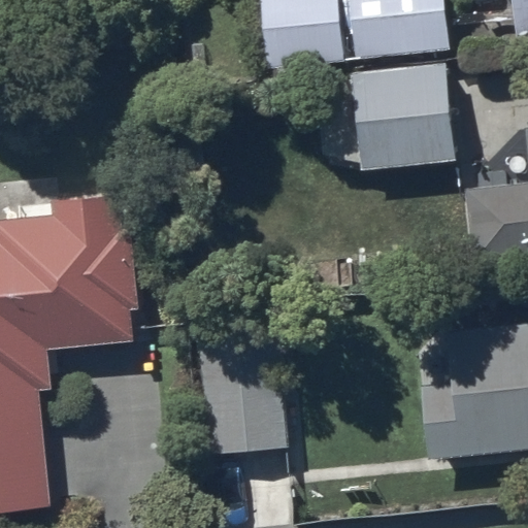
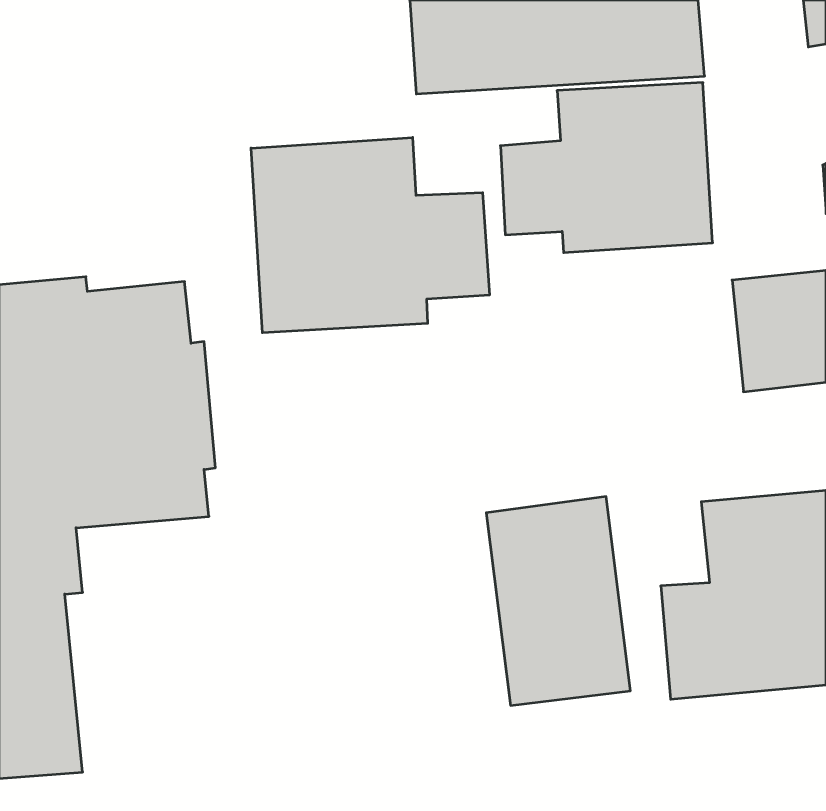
building: none -> [251,137,489,333]
building: [195,325,287,458] -> [486,497,630,705]

